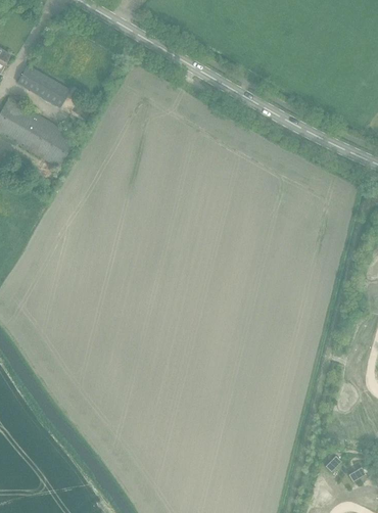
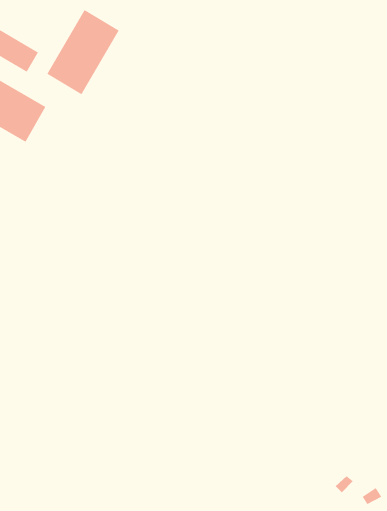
building: none -> [46,9,119,95]

